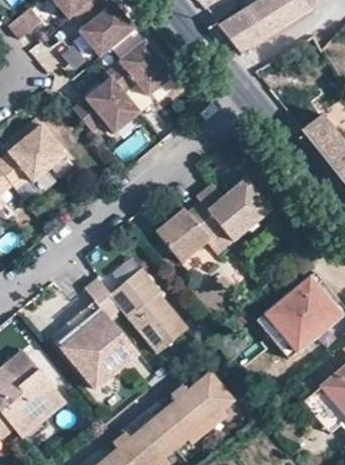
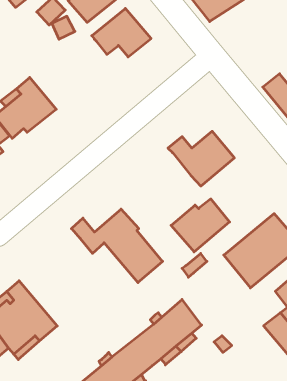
building: [74,76,140,131] -> none
building: [153,203,220,263] -> [171,199,230,252]
building: [54,301,139,390] -> none

